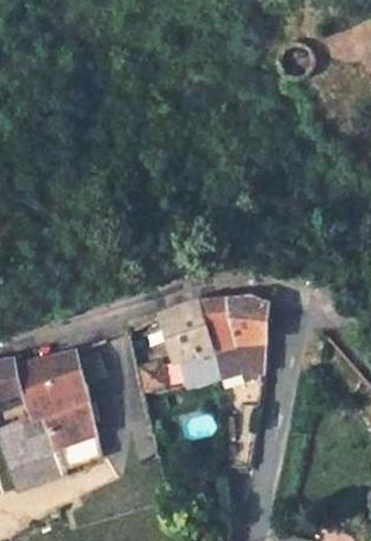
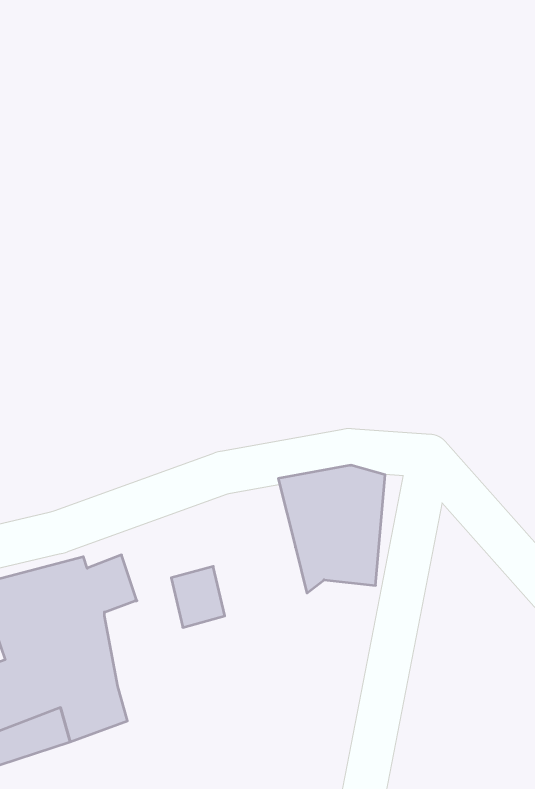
building: [165,300,216,379] -> none

